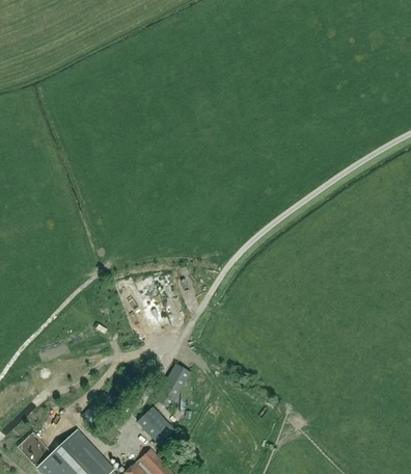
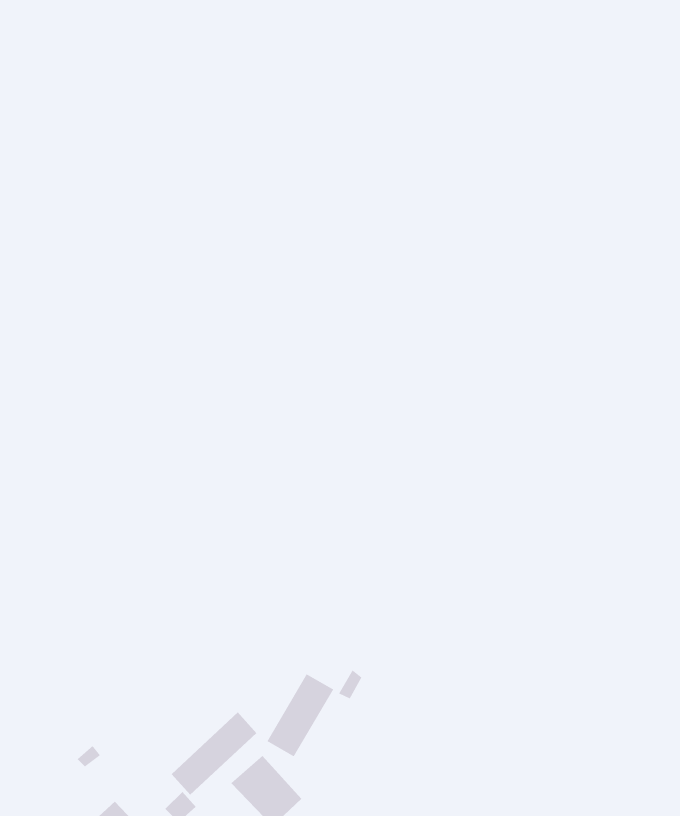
building: none -> [171,712,257,796]

